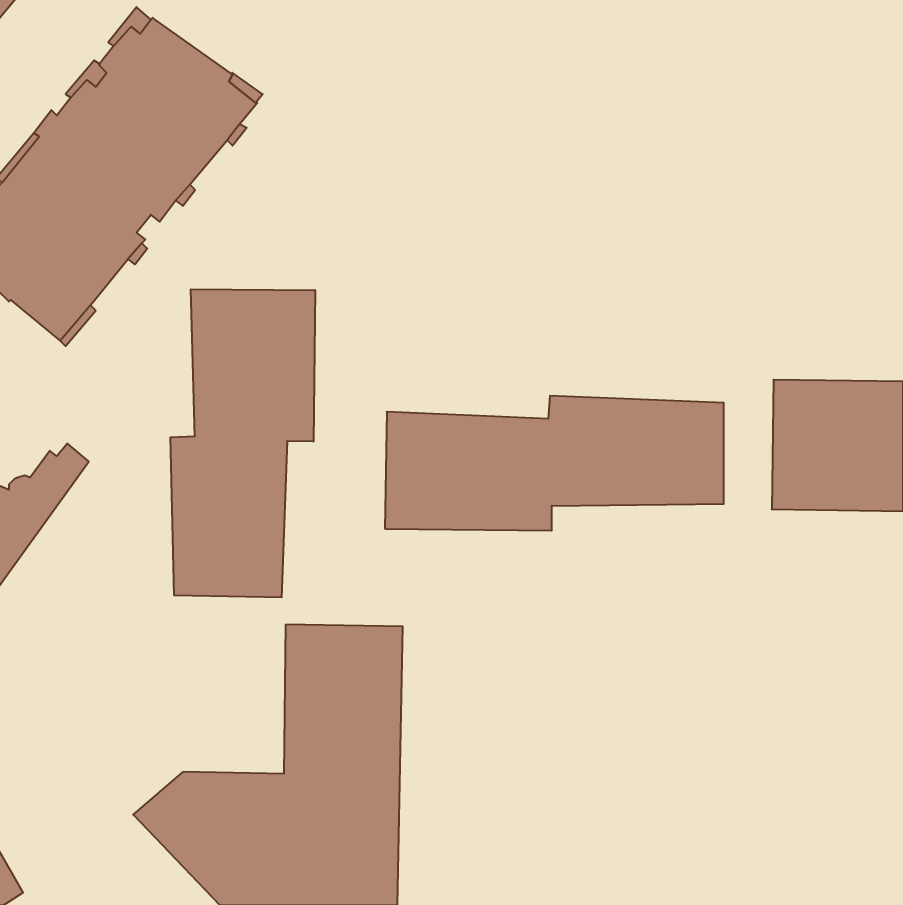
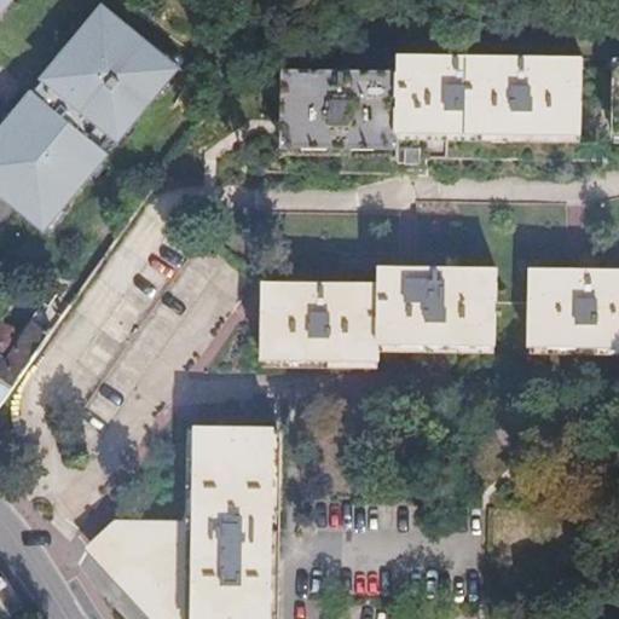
building: none -> [282,54,579,183]
building: [170,289,315,597] -> none

